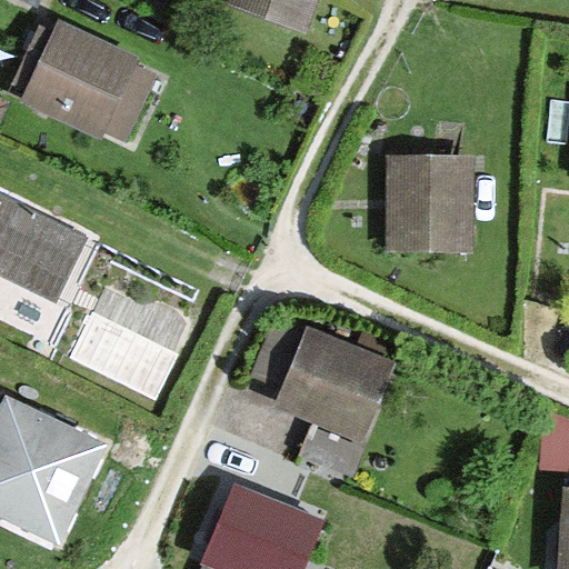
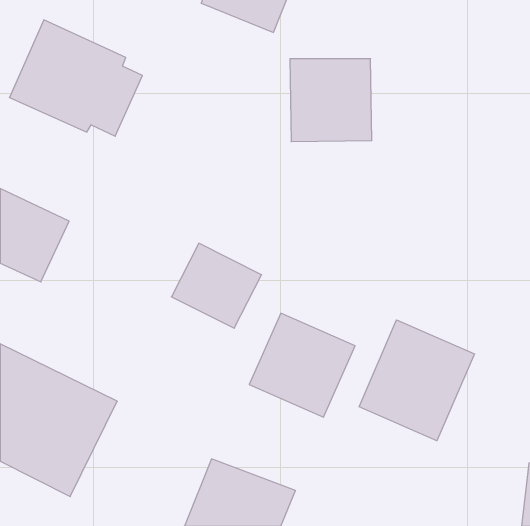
building: [385,162,471,250] -> [290,59,372,142]
building: [82,277,178,367] -> [171,243,262,328]
building: none -> [359,320,474,441]

